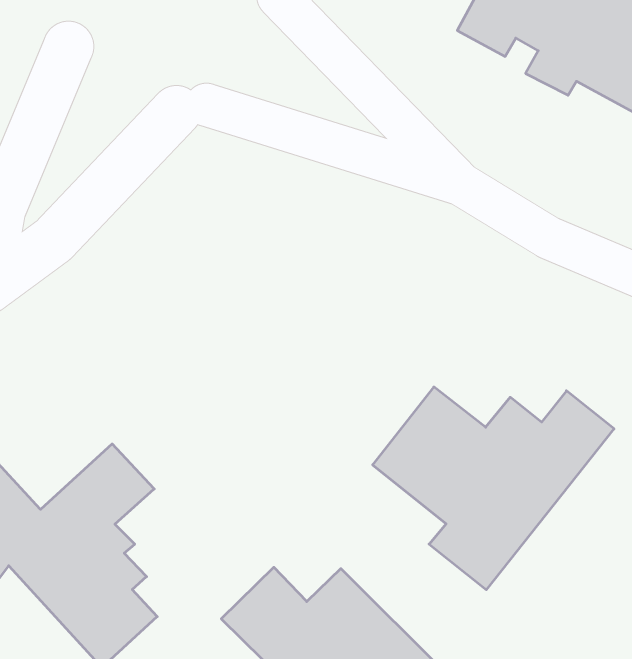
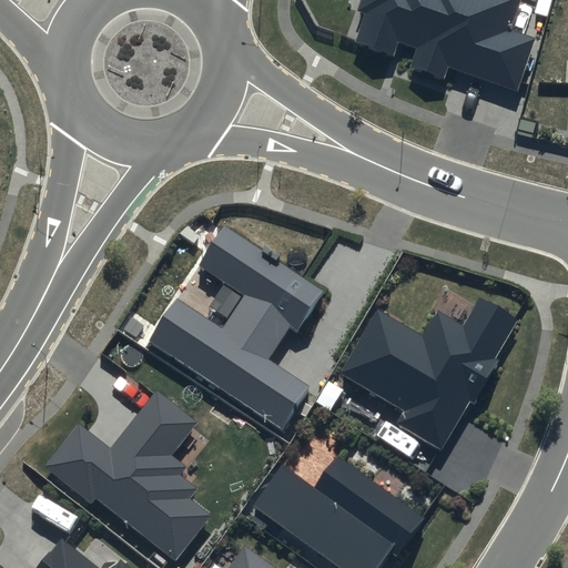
building: none -> [142,231,322,437]

